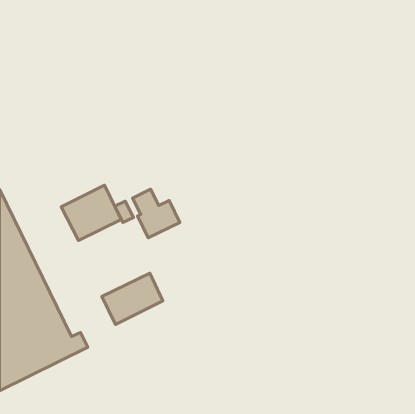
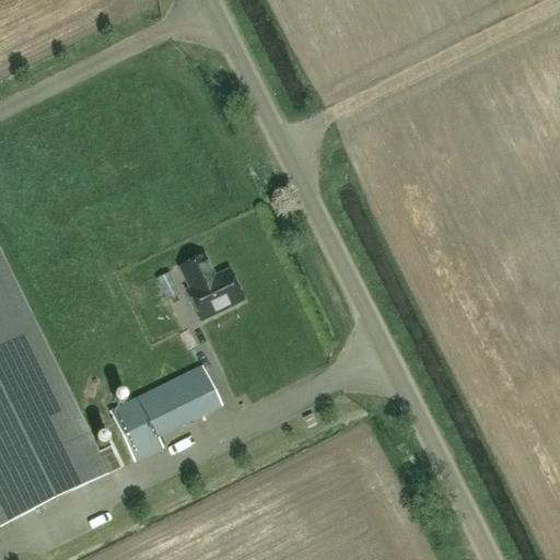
building: [61,185,121,240] -> none
building: none -> [110,398,161,458]

